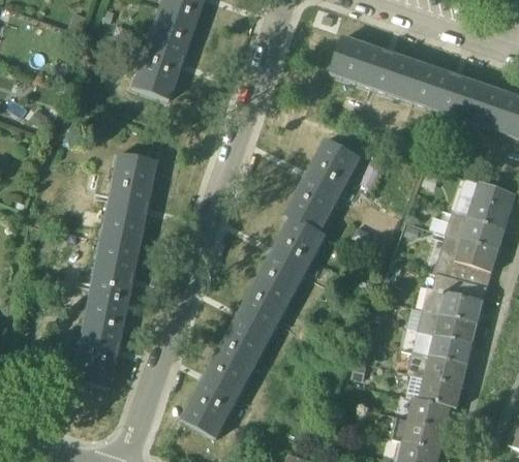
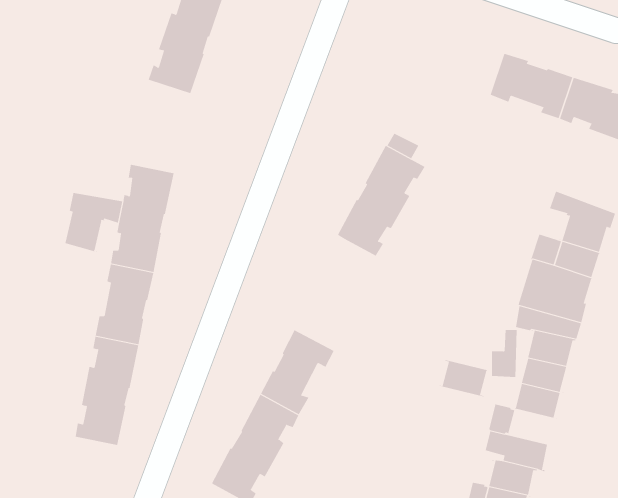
building: [334,37,424,98] -> none
building: none -> [62,192,123,253]
building: [252,216,325,308] -> none
building: [425,355,468,386] -> [438,359,491,397]

